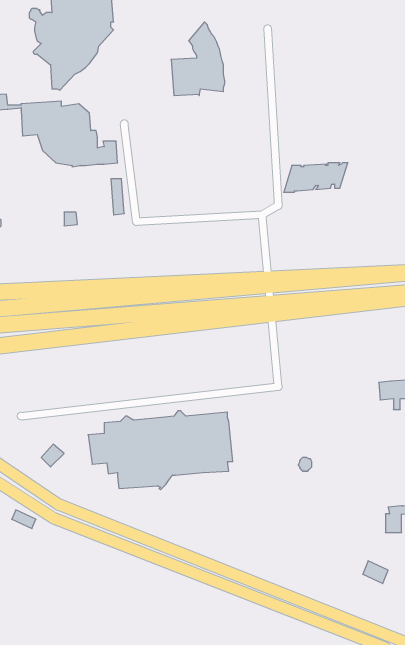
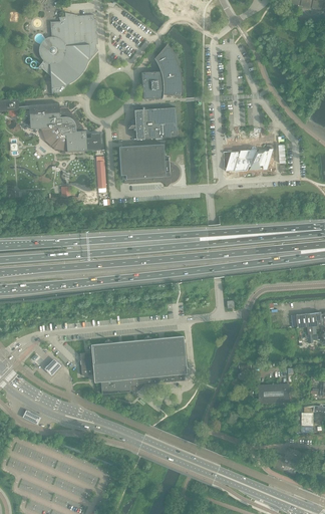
building: none -> [127,106,177,139]
building: none -> [118,143,179,185]
building: none -> [258,383,289,403]

